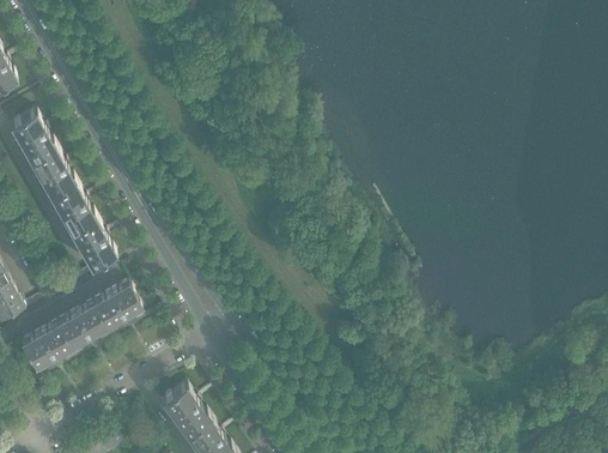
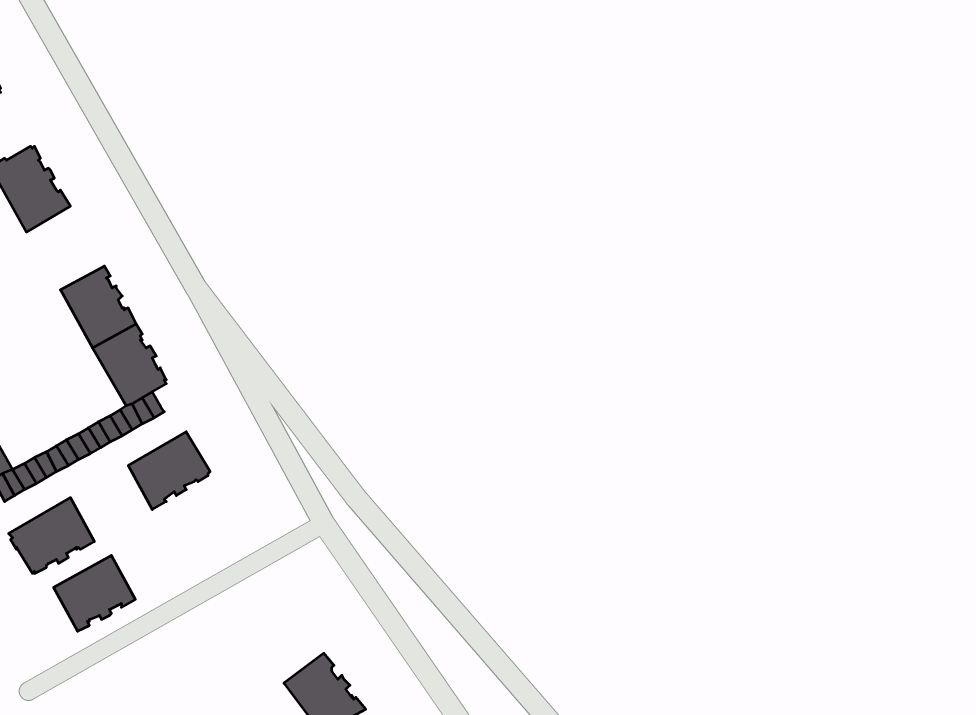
building: [30,146,77,197] -> none
building: [56,302,105,348] -> [54,555,135,631]
building: [160,383,208,433] -> none

